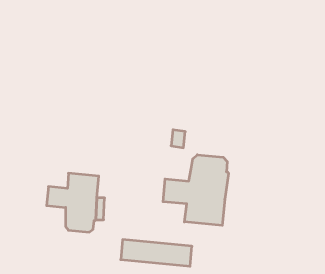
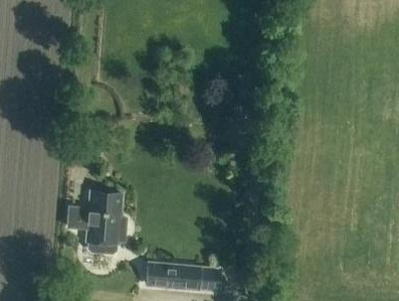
building: [163,155,229,225] -> none

